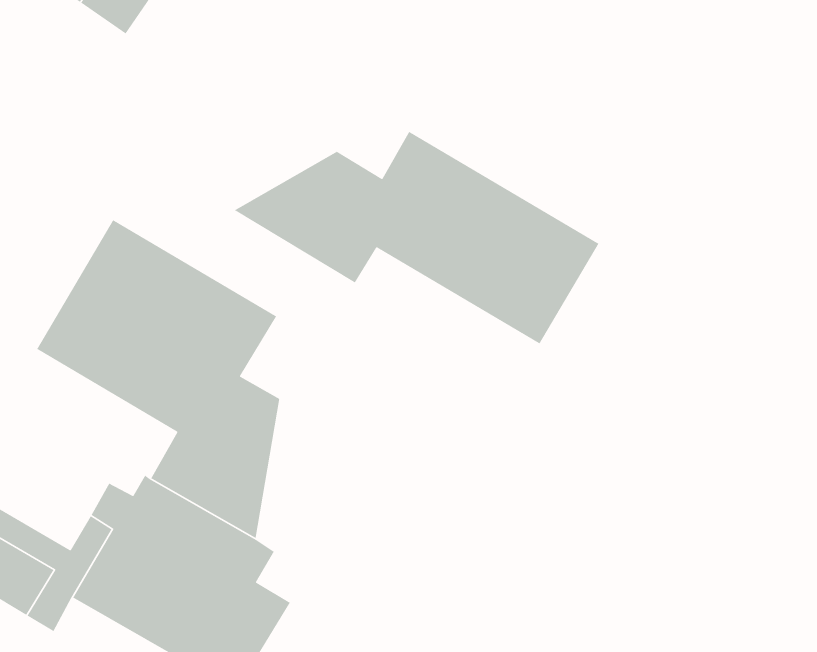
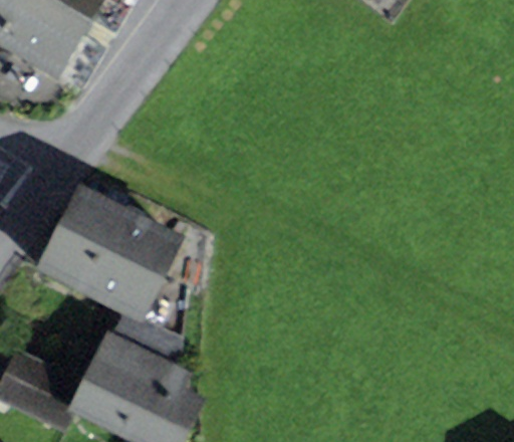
building: [233,131,599,345] -> none

